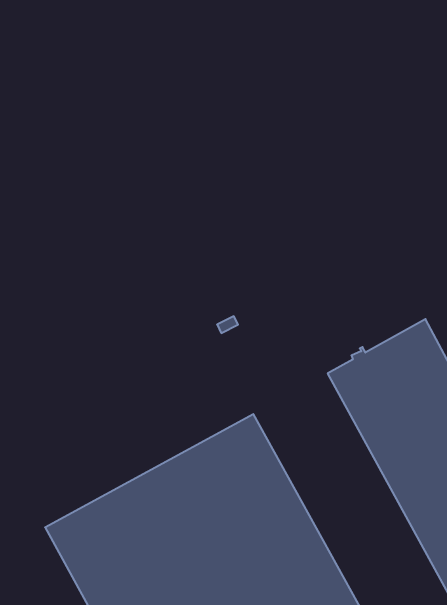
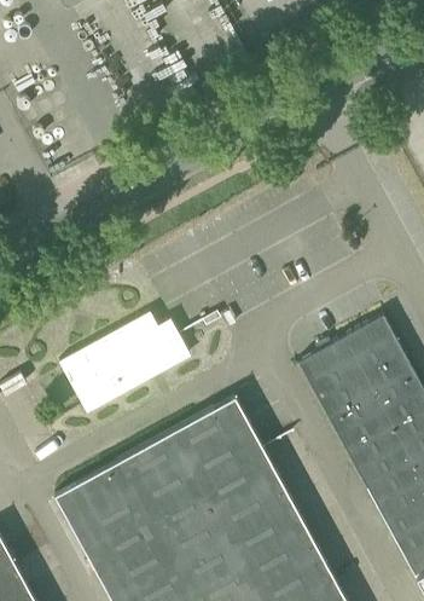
building: none -> [59,314,190,414]

